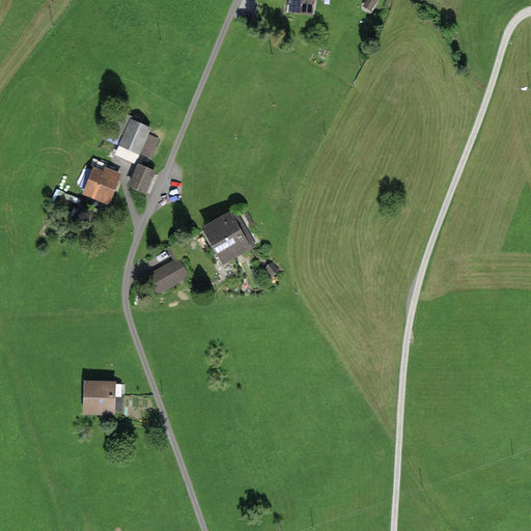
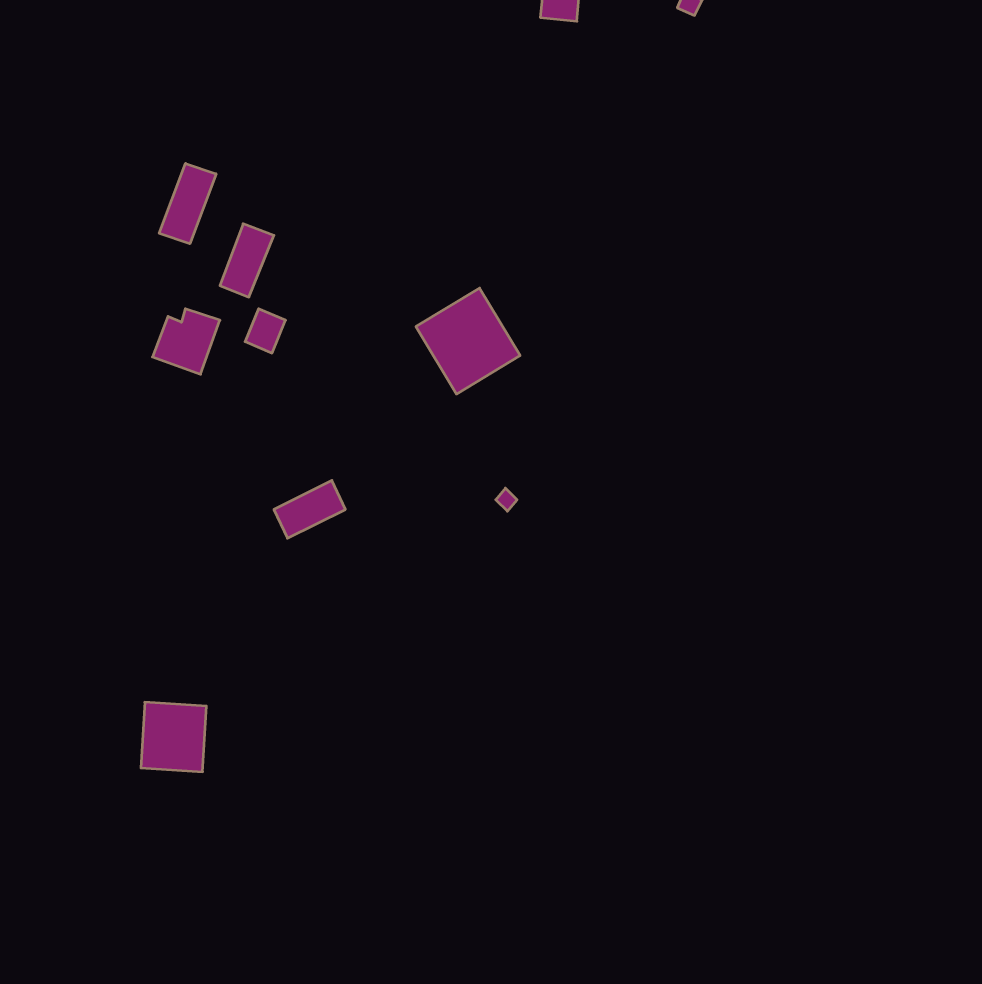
building: none -> [159,163,216,244]
building: [196,208,252,266] -> [416,288,520,394]

